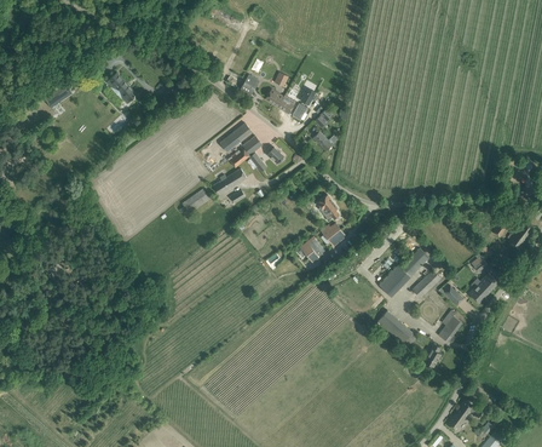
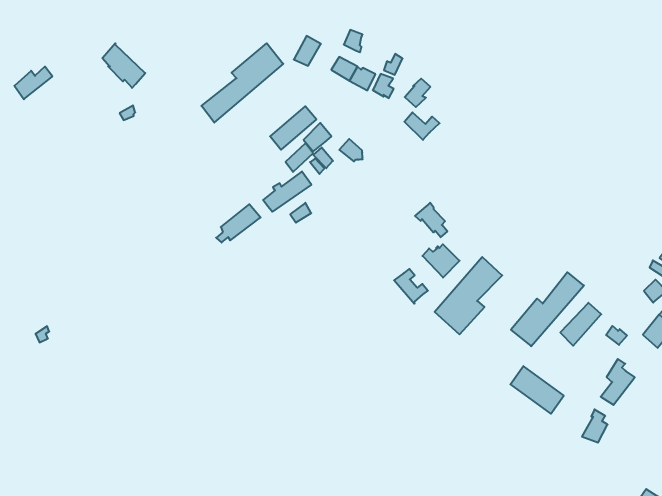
building: none -> [201,43,283,123]
building: none -> [435,257,502,334]

